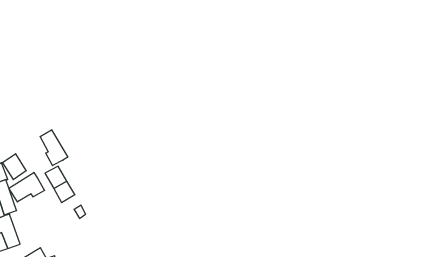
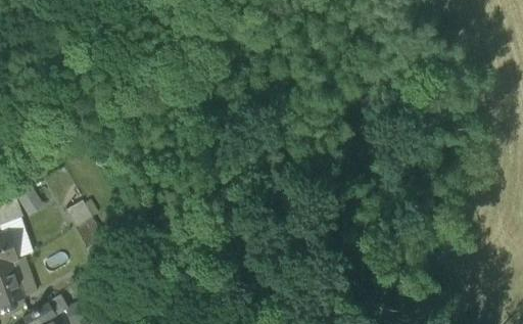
building: [40,130,68,166] -> none
building: [9,172,45,202] -> none

